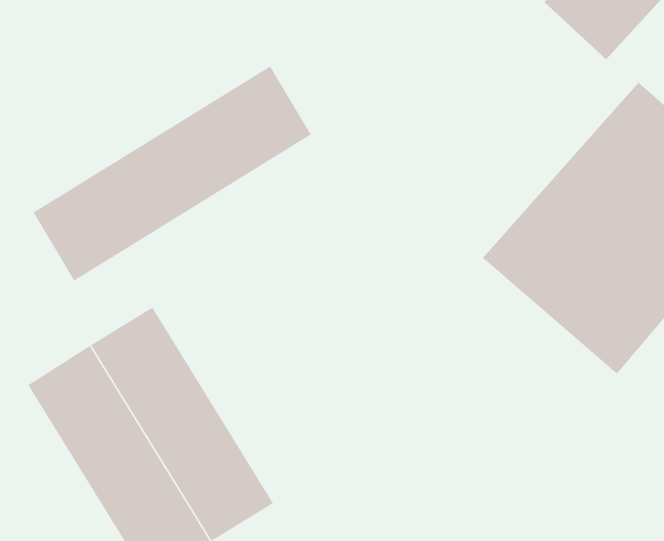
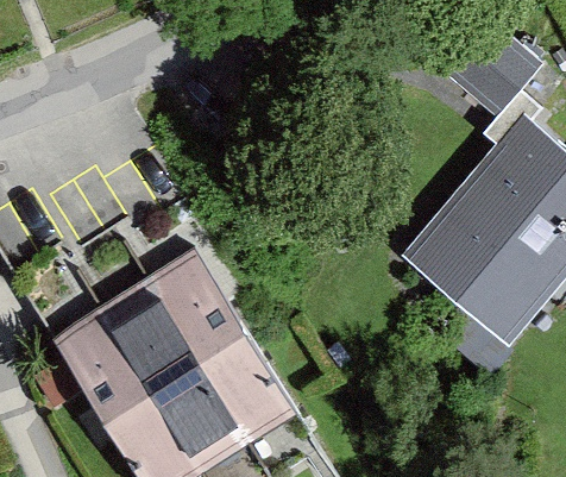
building: [33,65,312,281] -> none
building: none -> [150,258,294,440]

